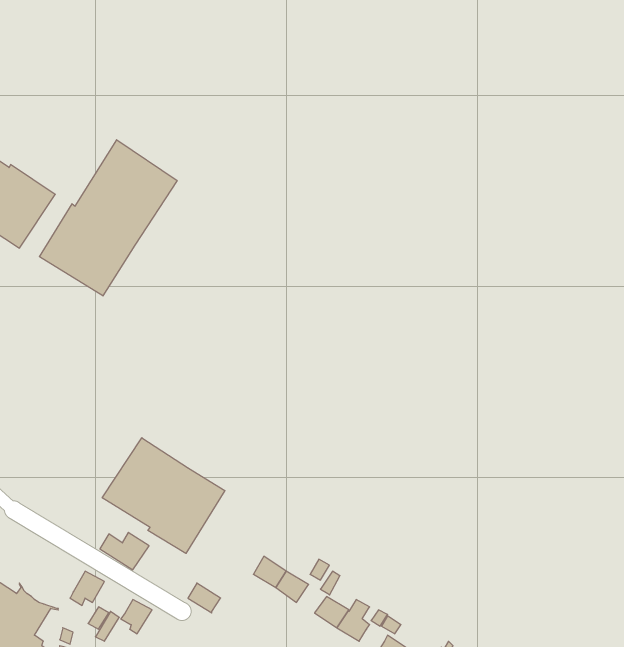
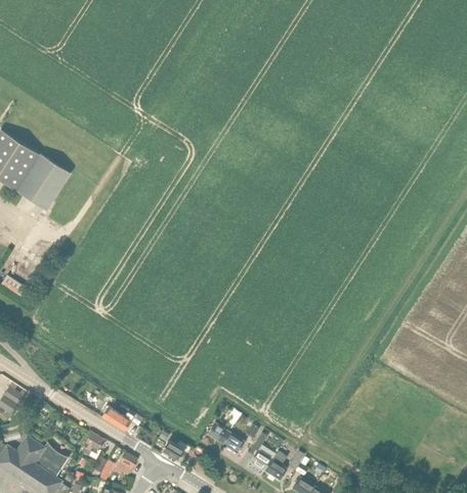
building: [39,140,177,296] -> none
building: [102,438,225,553] -> none

